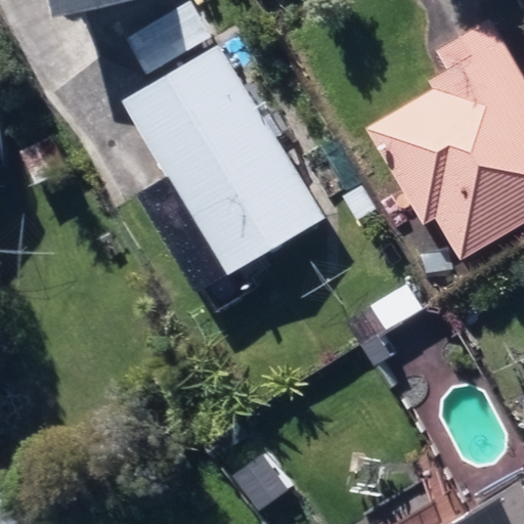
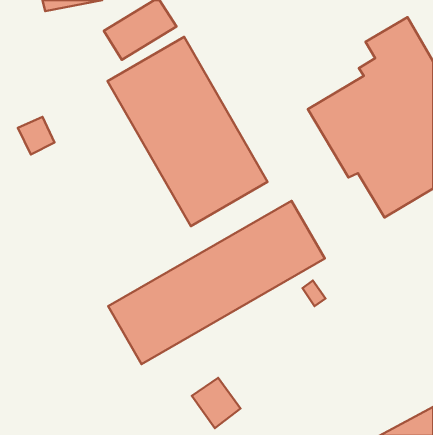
building: none -> [108,201,325,364]

